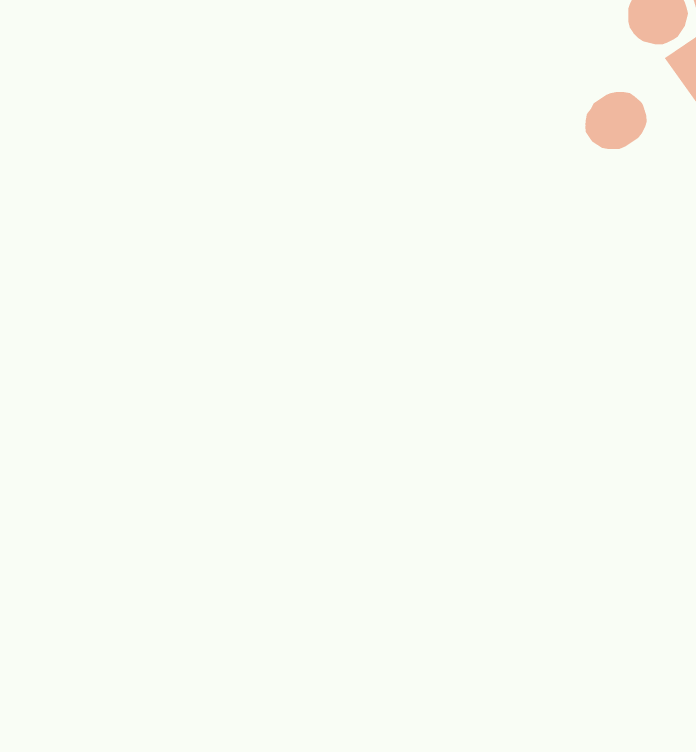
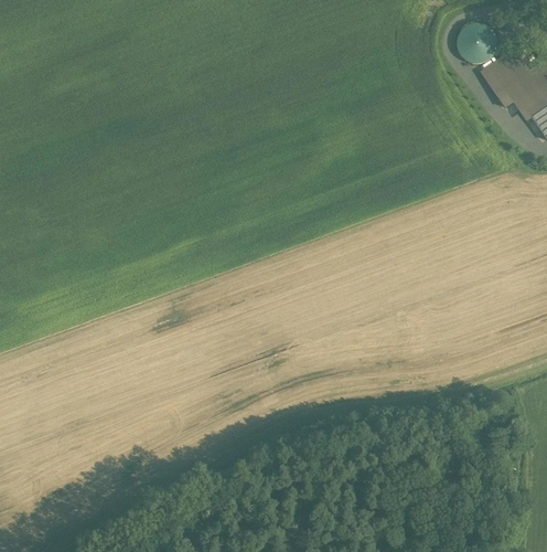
building: [585,91,647,150] -> none

